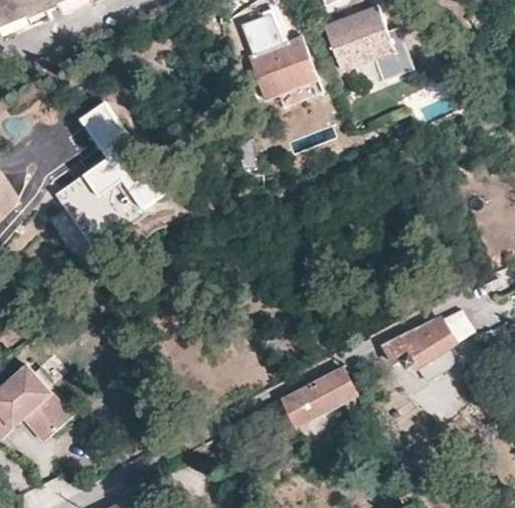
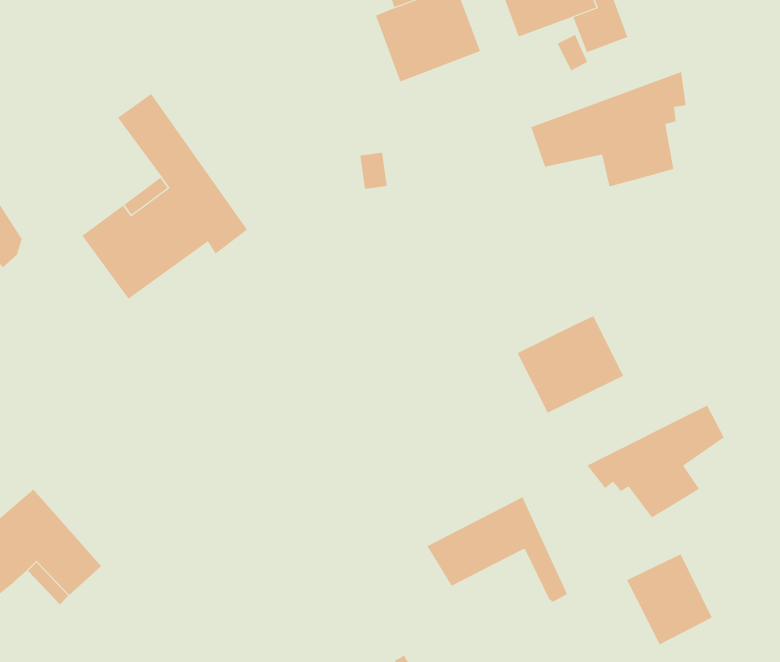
building: none -> [531,71,686,187]
building: none -> [517,316,624,414]
building: none -> [627,554,713,645]

